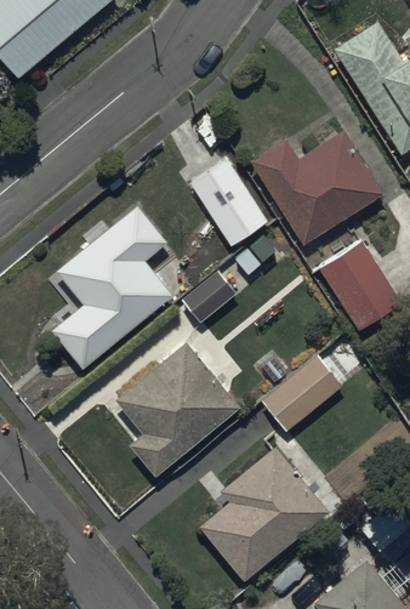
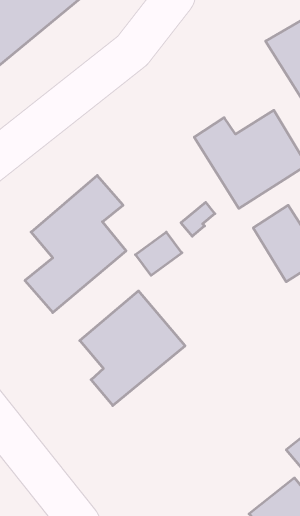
building: [190,160,271,247] -> none
building: [263,357,342,432] -> none
building: [199,448,326,581] -> none

